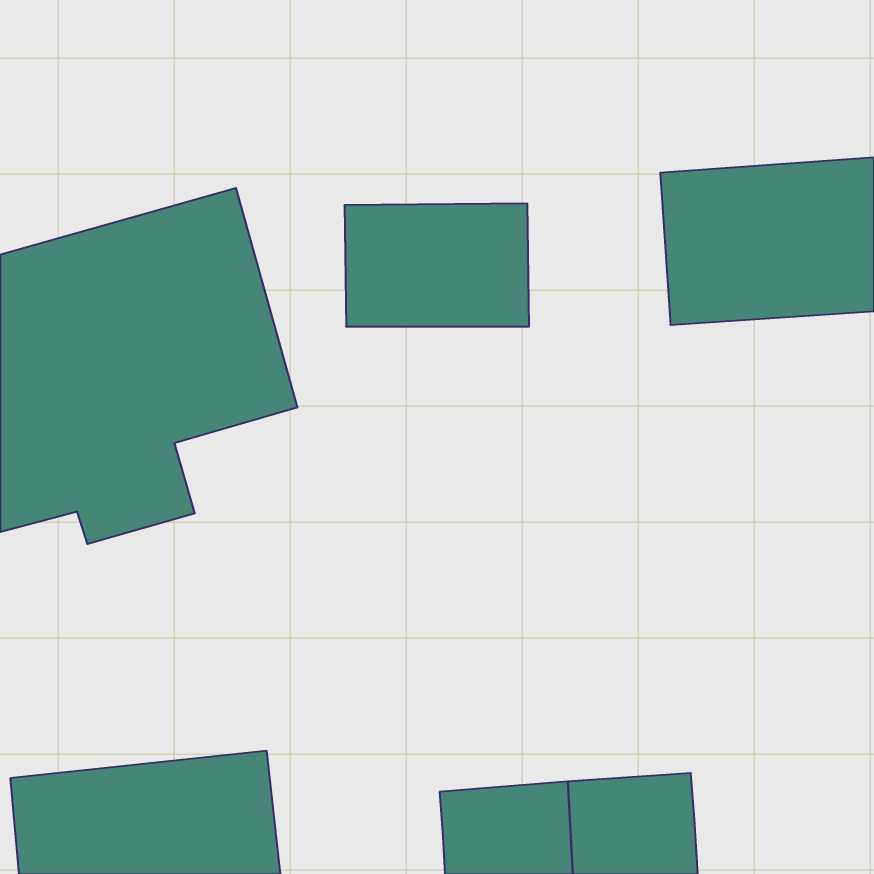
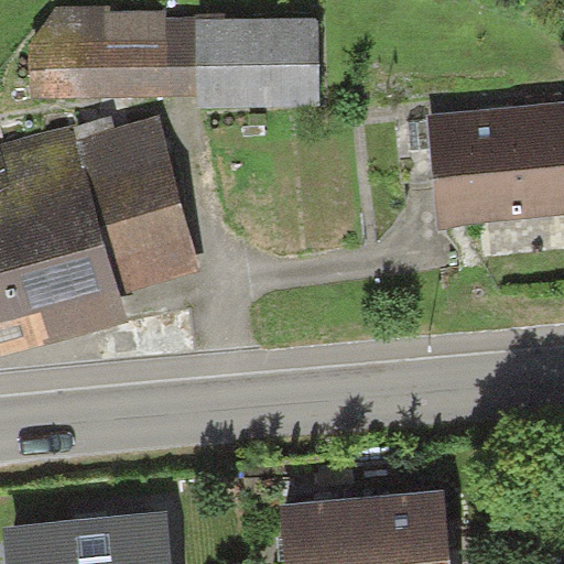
building: none -> [48,20,182,101]
building: [344,204,529,327] -> [202,23,321,102]

